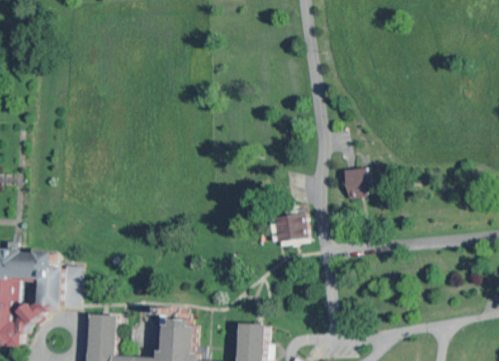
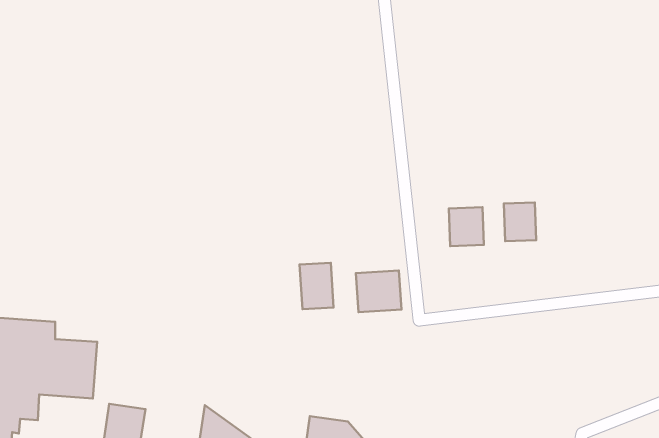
building: none -> [504,202,536,241]
building: none -> [300,263,334,309]

